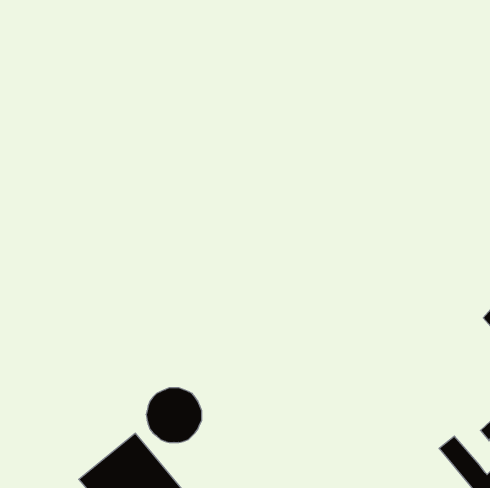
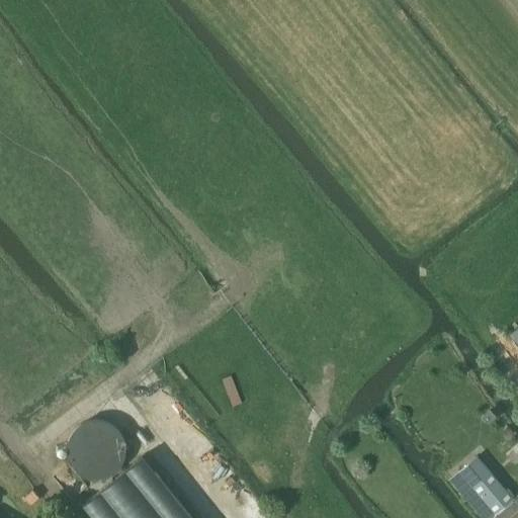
building: [146,388,202,442] -> [68,423,126,481]

